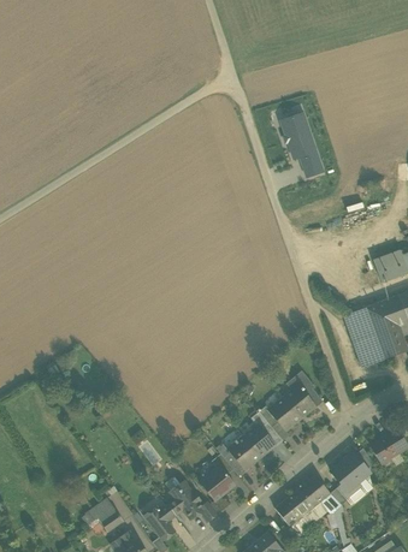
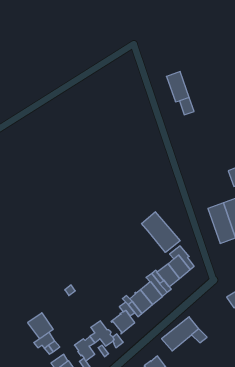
building: none -> [142,212,180,252]
building: [331,452,369,499] -> none
building: none -> [28,313,53,339]

